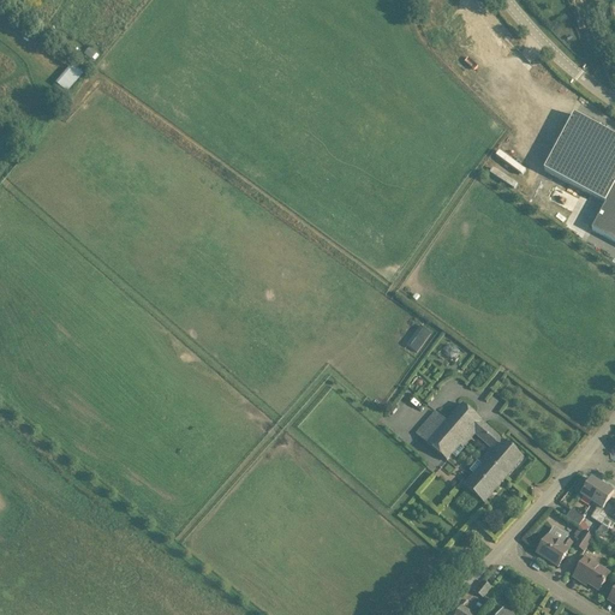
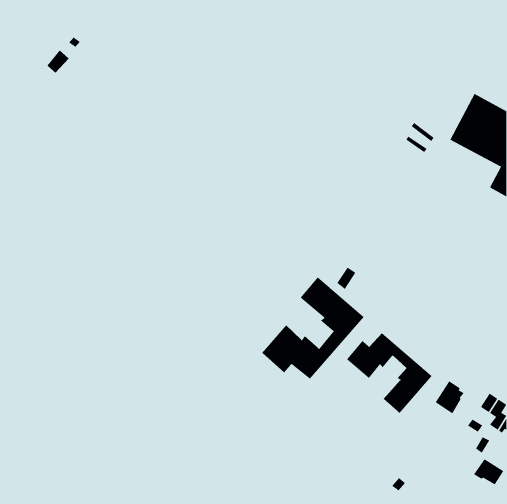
building: none -> [261,276,364,379]
building: [537,524,573,565] -> [435,380,465,414]

